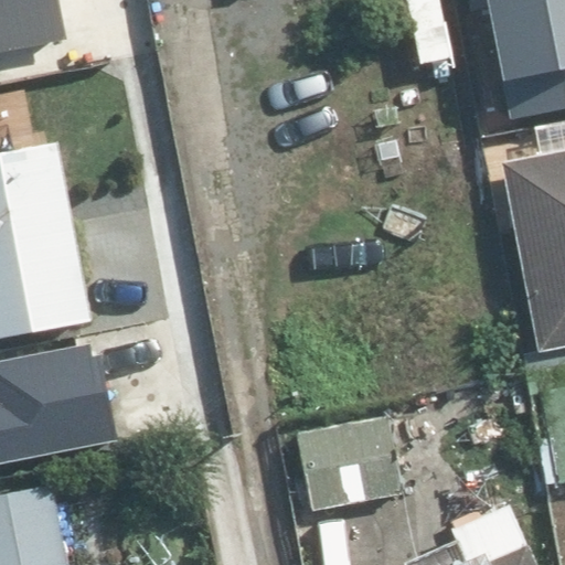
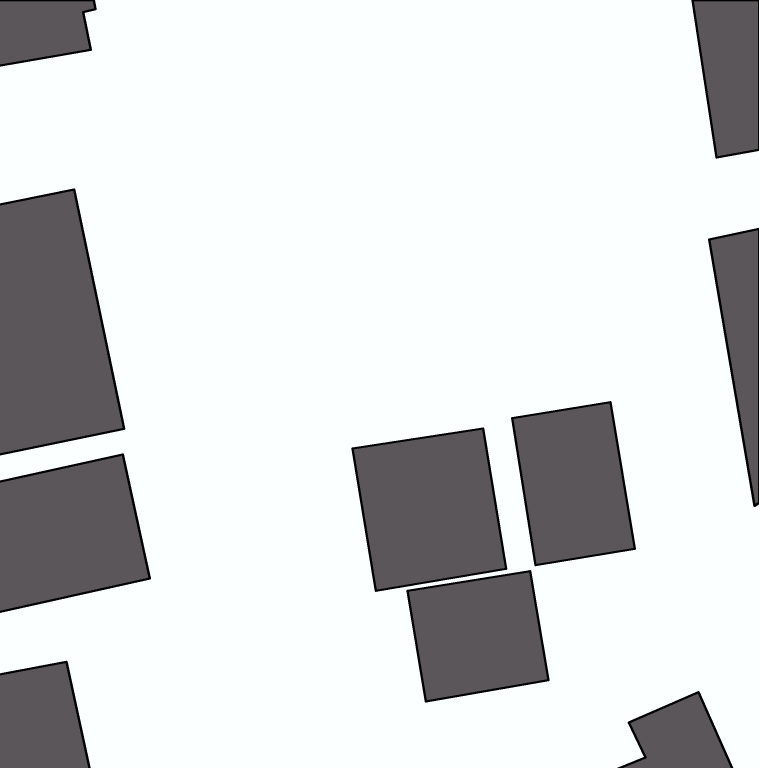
building: none -> [512,402,635,565]
building: none -> [352,428,506,591]

